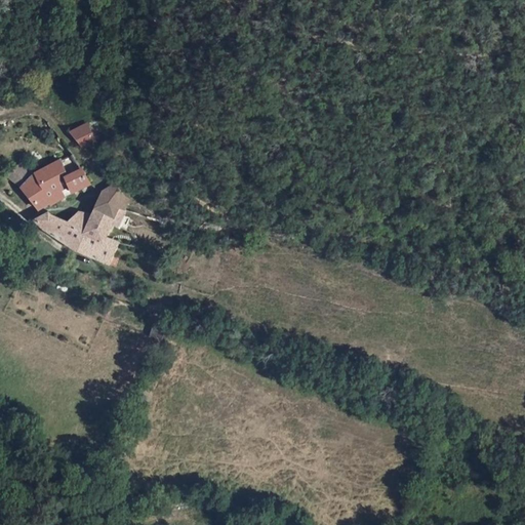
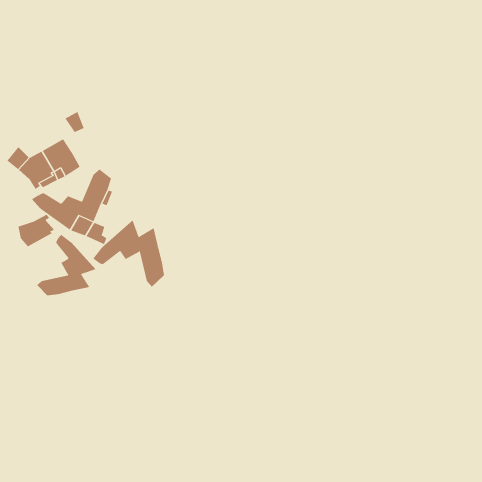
building: none -> [18,214,55,247]
building: none -> [92,220,165,287]
building: none -> [36,234,97,296]

